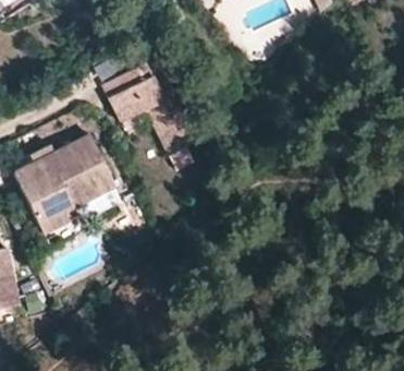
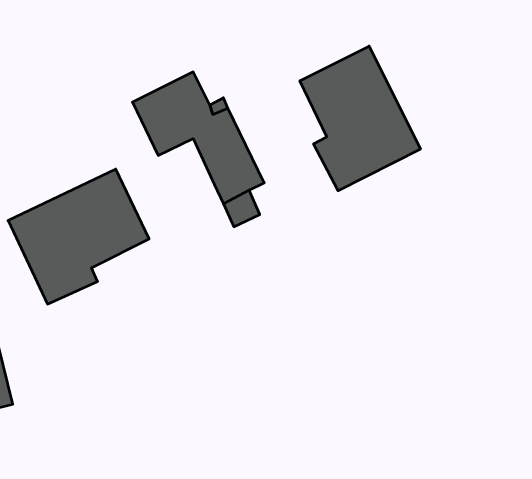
building: none -> [300,46,420,191]

